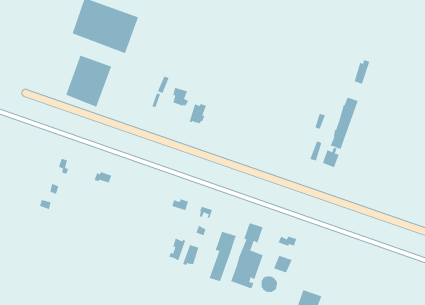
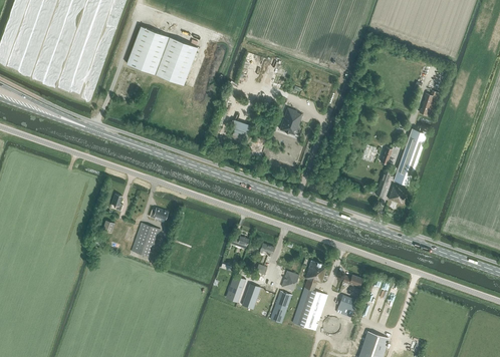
building: [65,55,112,107] -> none
building: none -> [278,107,301,134]
building: none -> [131,223,160,258]

